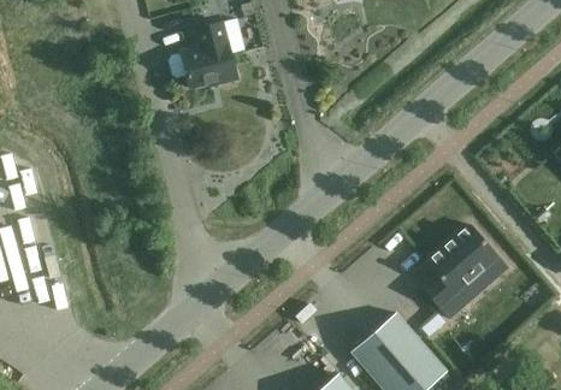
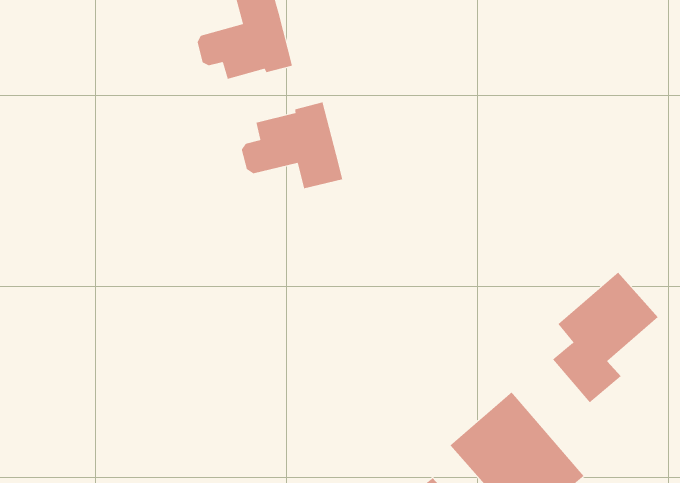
building: none -> [241,101,343,189]

